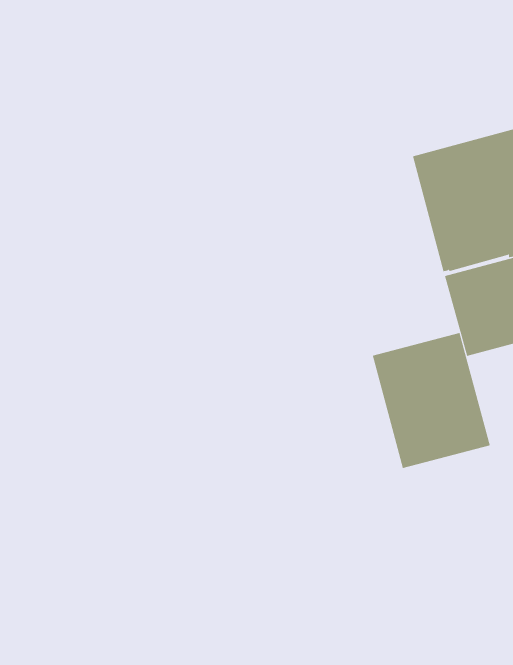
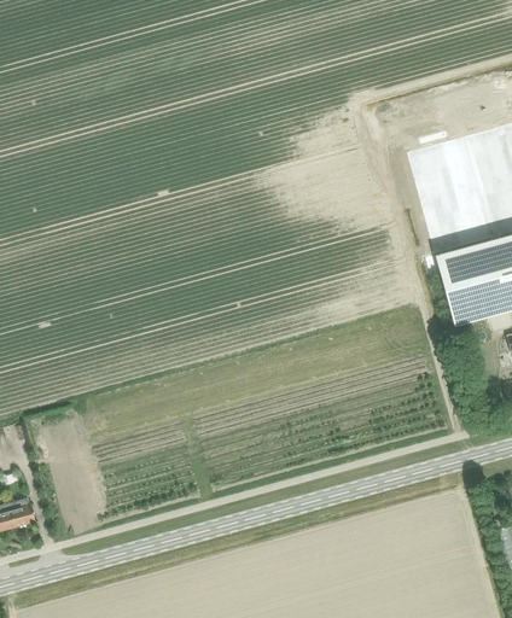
building: [372,332,490,469] -> none

